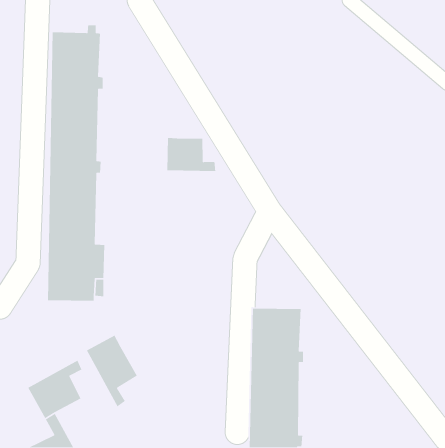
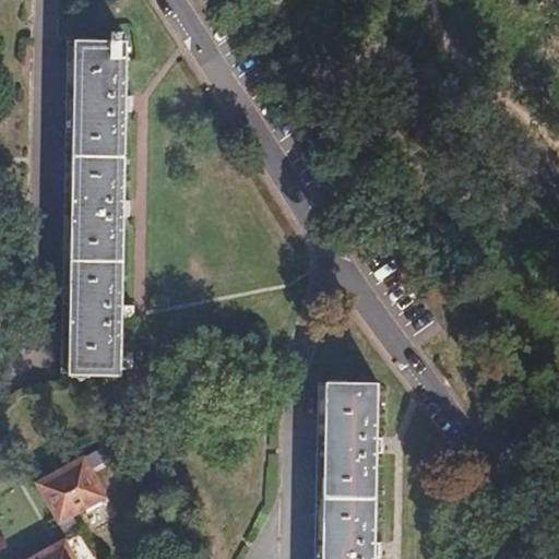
building: [166,137,216,172] -> none
building: [86,334,138,408] -> none

